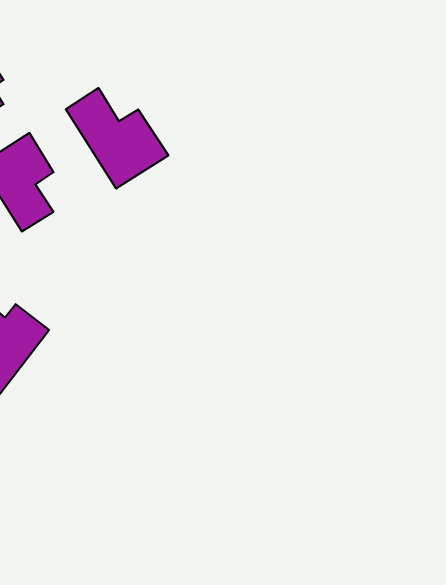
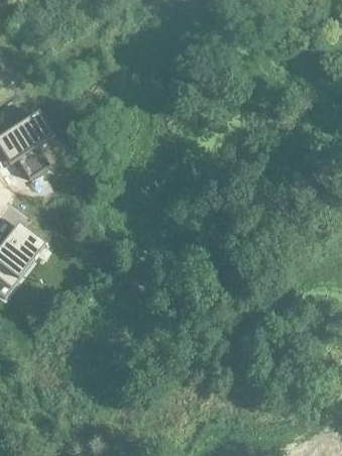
building: [66,88,168,189] -> none

